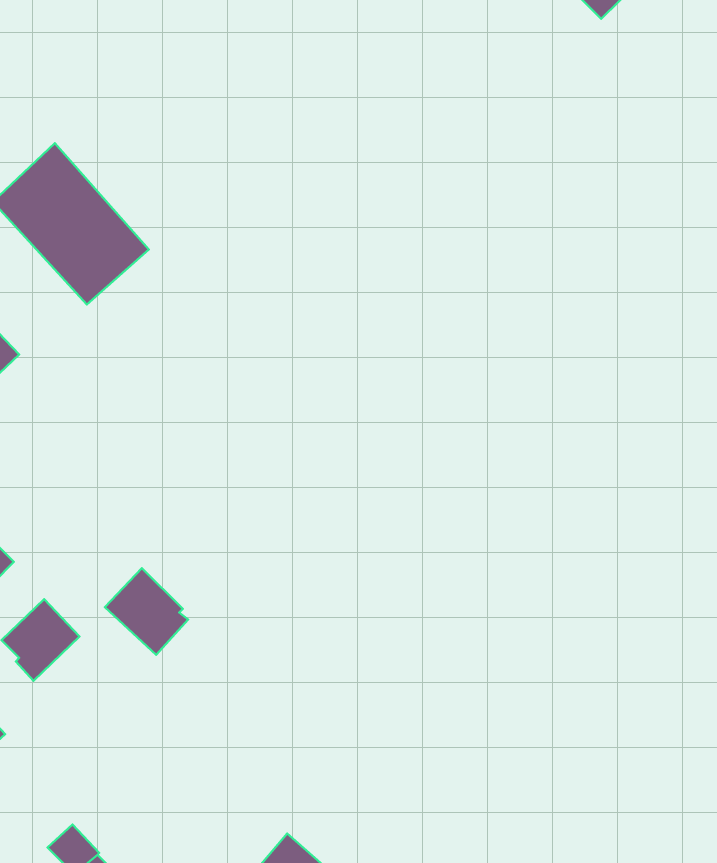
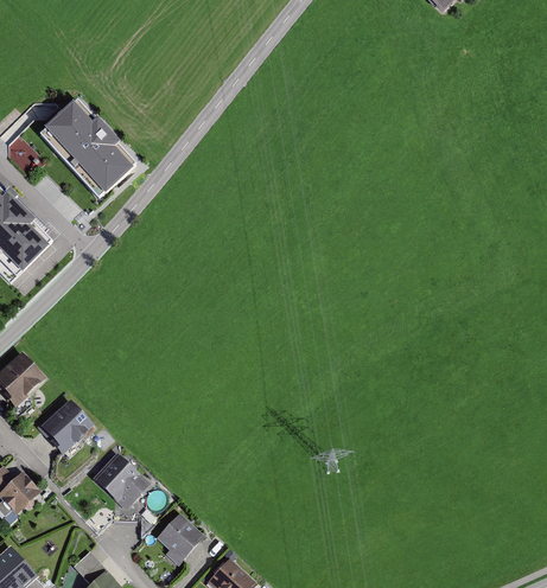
building: [105,568,188,655] -> [94,450,150,509]
building: none -> [159,512,205,564]

